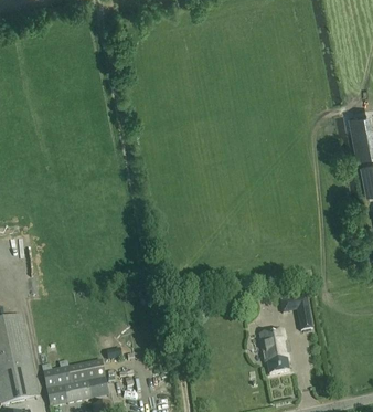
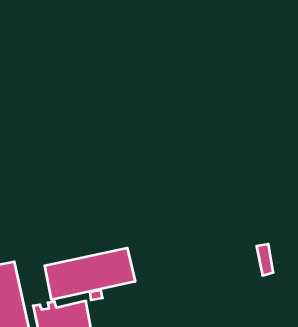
building: none -> [45,248,135,300]
building: [258,327,291,373] -> none

